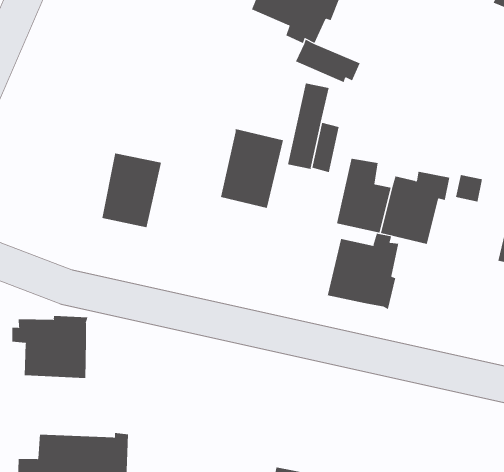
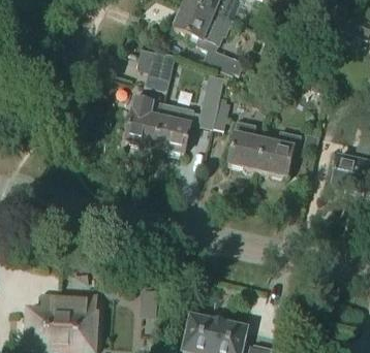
building: none -> [145,51,176,90]
building: [101,153,162,228] -> [126,98,164,146]
building: [327,233,399,310] -> none
building: [12,315,88,379] -> none

